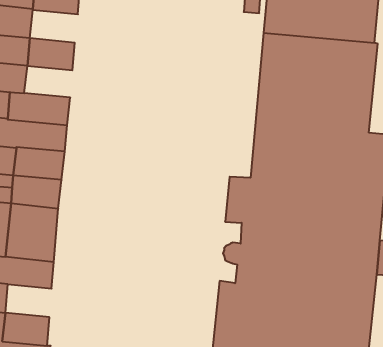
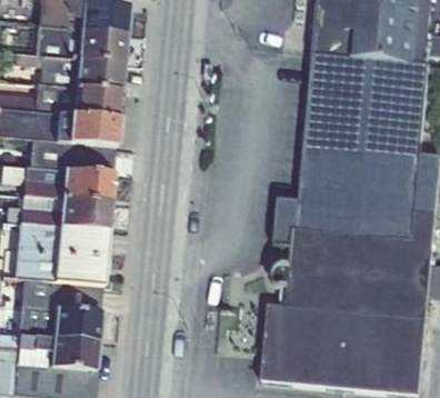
building: none -> [77,28,126,61]
building: none -> [71,84,120,117]
building: none -> [52,306,100,339]

